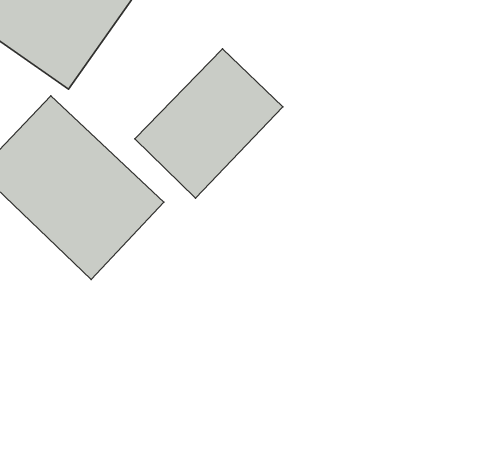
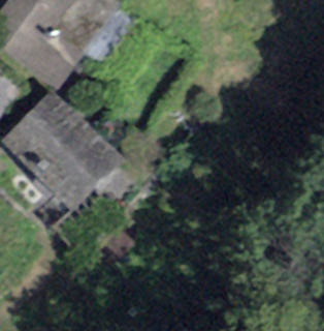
building: [135,49,283,198] -> none

